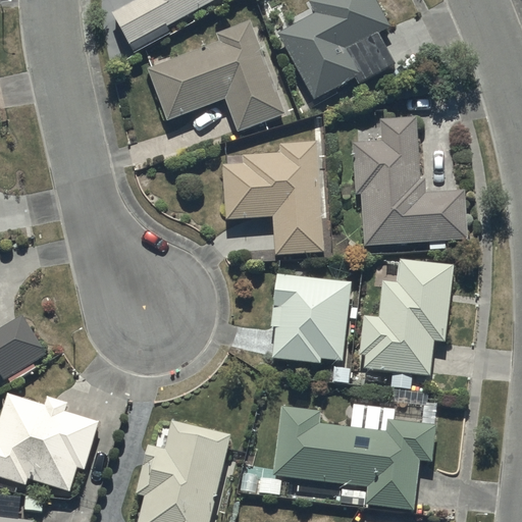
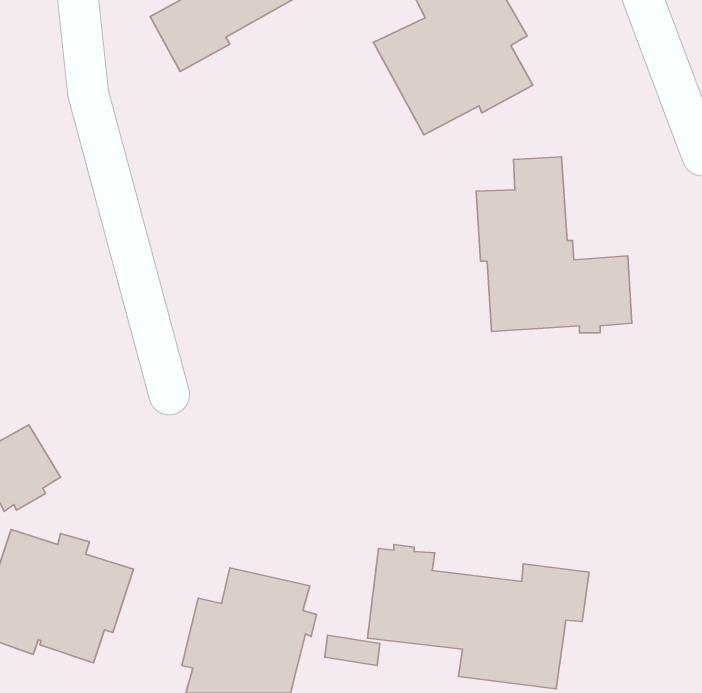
building: [147,21,285,133] -> none
building: [221,141,324,255] -> none
building: [359,259,453,387] -> none
building: [270,272,351,363] -> none

